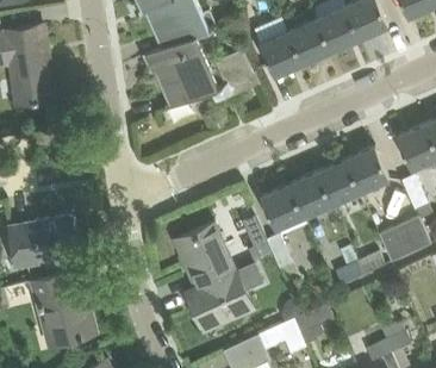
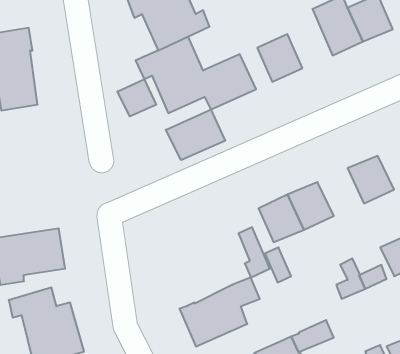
building: [284,10,330,66] -> none
building: none -> [117,79,156,116]
building: none -> [166,109,225,160]
building: [316,161,360,206] -> none
building: [177,225,232,289] -> none

